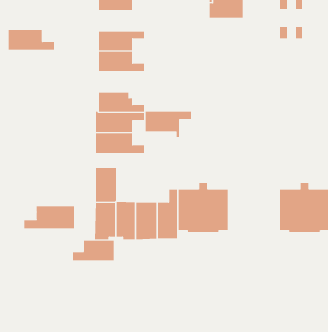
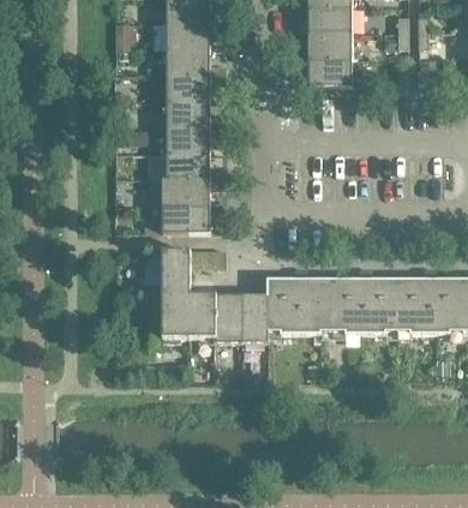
building: none -> [308,56,353,83]
building: [8,29,55,50] -> [167,47,227,73]
building: [145,111,192,137] -> [167,125,227,159]
building: none -> [334,267,398,330]
building: [24,206,75,229] -> none
building: [72,240,114,261] -> none

